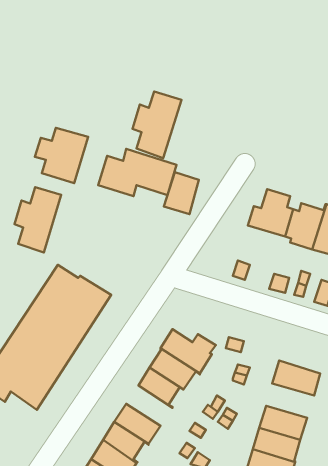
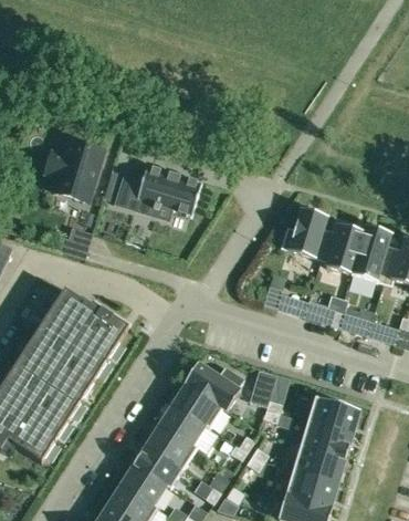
building: [132,91,182,158] -> none
building: [164,172,199,214] -> none
building: [14,187,61,252] -> none
building: none -> [300,421,353,459]
building: none -> [146,424,197,468]

